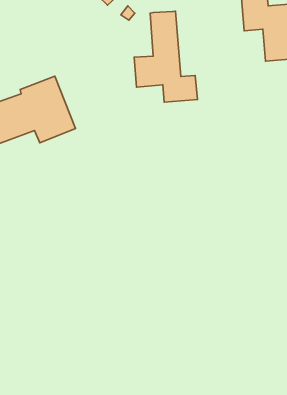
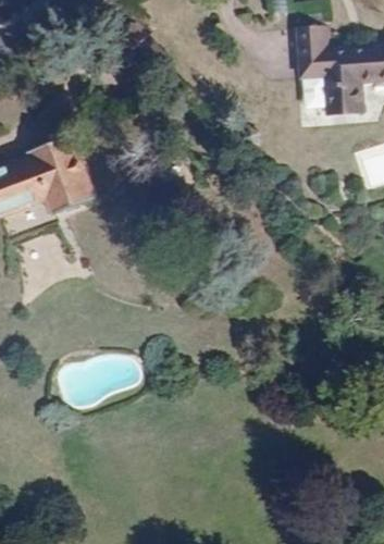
building: [134,11,198,102] -> none

